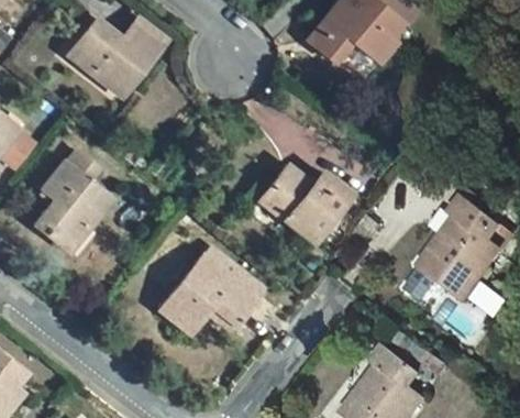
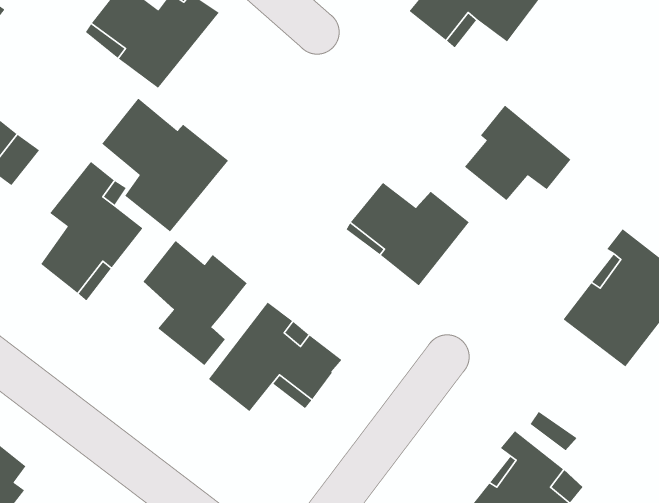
building: none -> [101,97,229,232]
building: none -> [464,105,572,201]
building: none -> [142,240,248,366]

